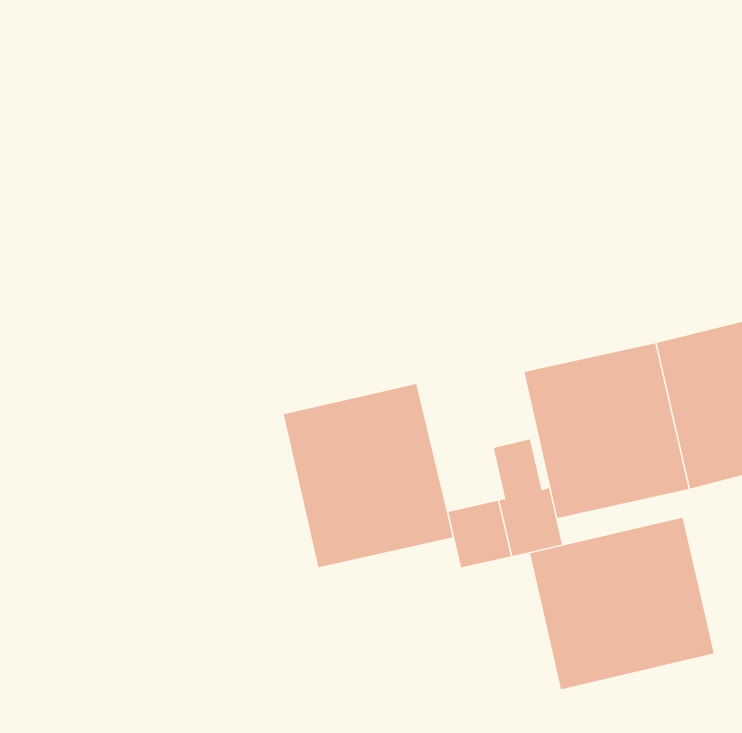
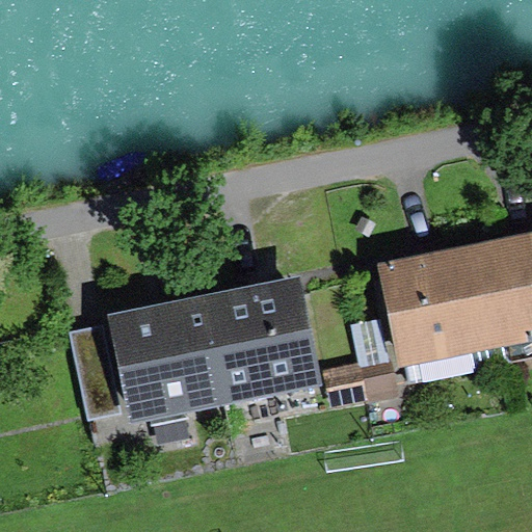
building: none -> [70,295,229,427]
building: [529,517,715,690] -> none

